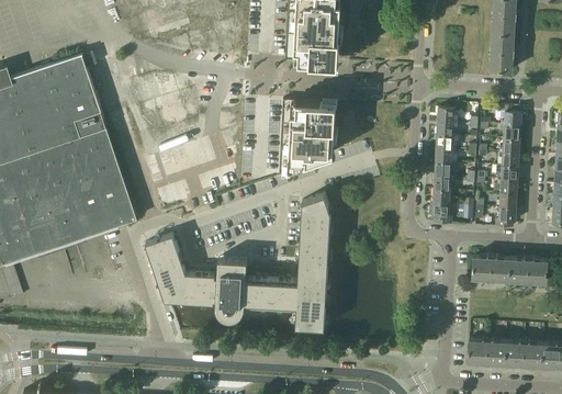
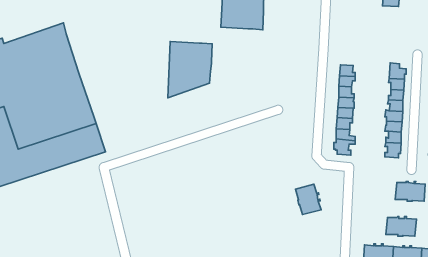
building: [488,34,514,74] -> none
building: [279,102,336,175] -> [168,41,212,98]
building: [145,196,330,330] -> none
building: [471,258,510,283] -> [386,217,417,236]
building: none -> [295,184,321,215]

